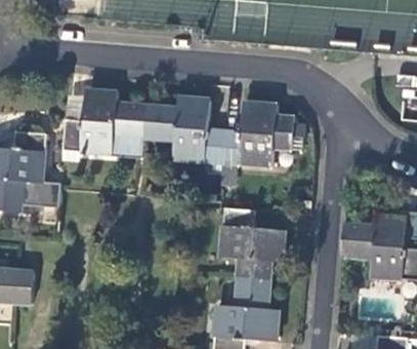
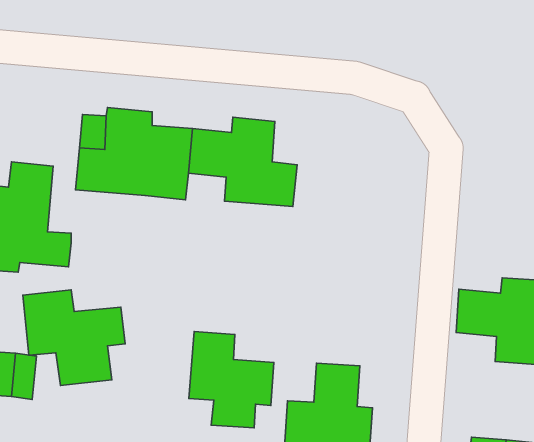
building: [221,102,293,166] -> none
building: [222,208,285,279] -> [189,332,274,428]
building: none -> [23,290,125,386]

